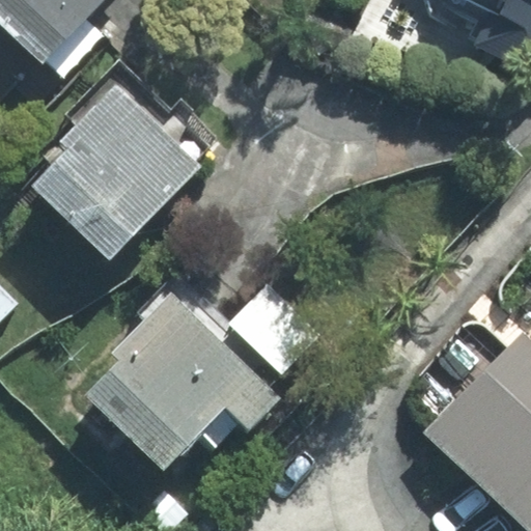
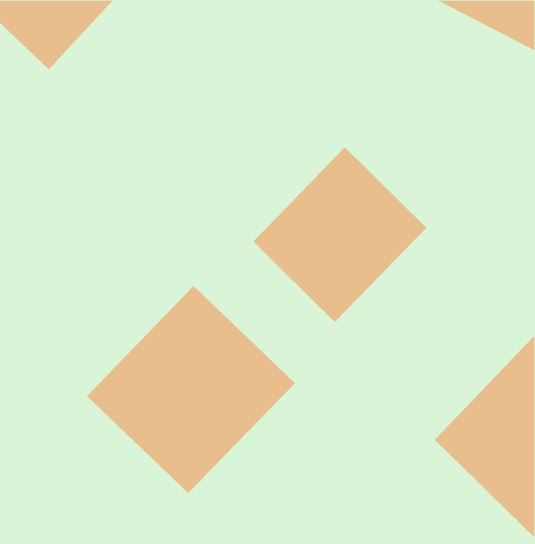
building: [26,74,216,263] -> none
building: none -> [253,147,427,323]

